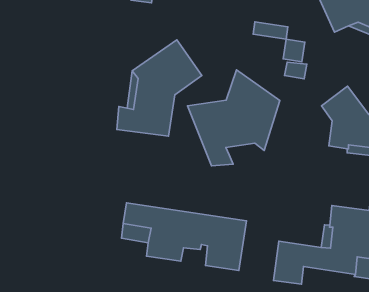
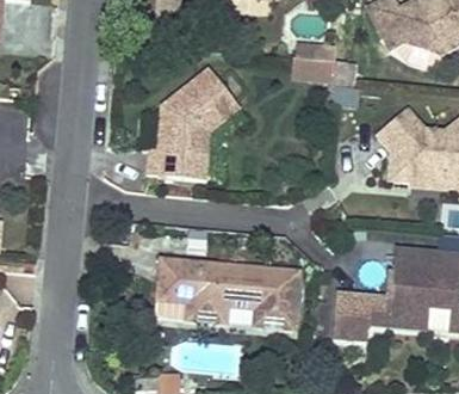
building: [188,70,280,166] -> none

